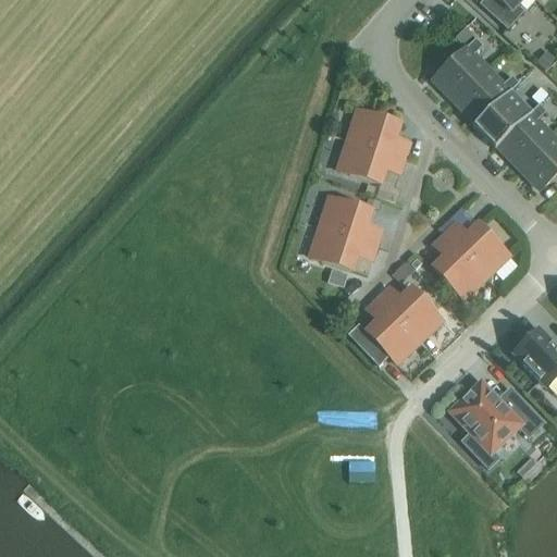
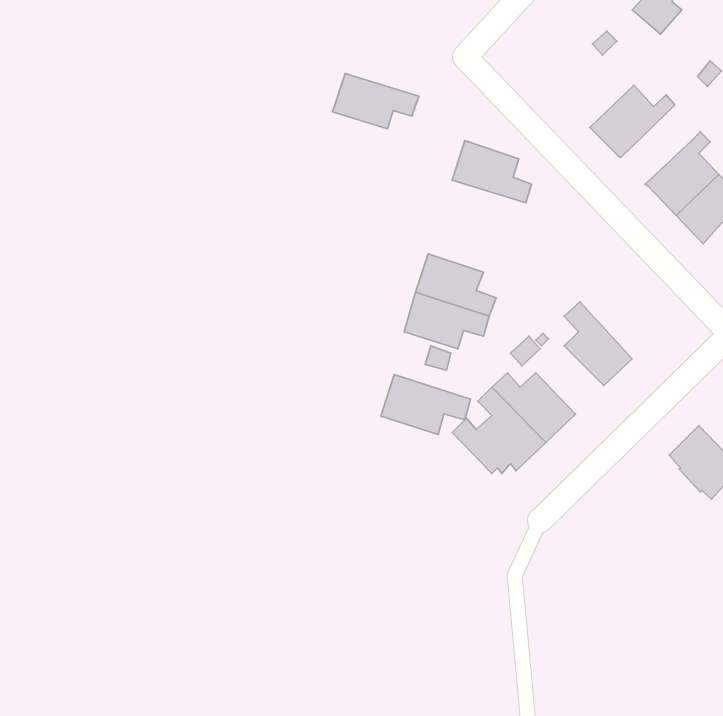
building: [433,35,487,98] -> none
building: [473,87,532,146] -> none
building: [338,138,405,181] -> [332,74,419,129]
building: [446,221,509,275] -> none
building: none -> [381,375,470,434]
building: [454,382,544,466] -> none

